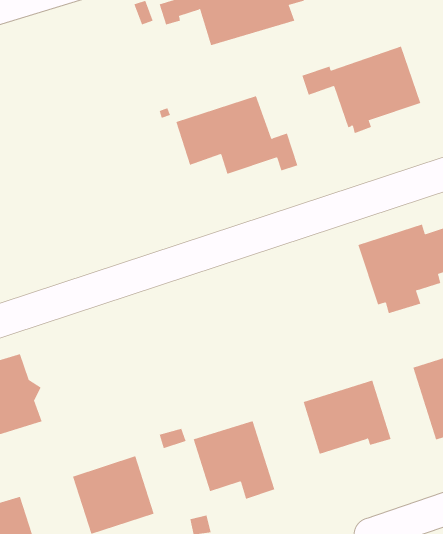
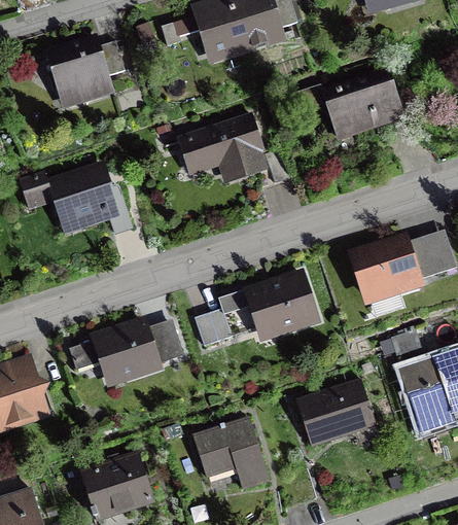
building: none -> [44,33,126,110]
building: none -> [19,160,134,236]
building: none -> [195,268,321,345]
building: none -> [70,315,184,388]

